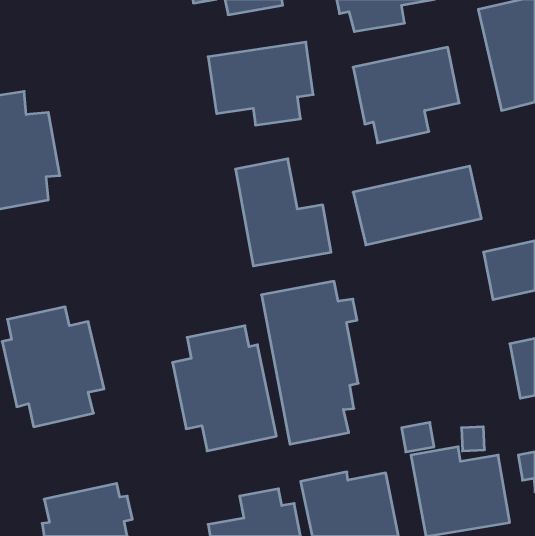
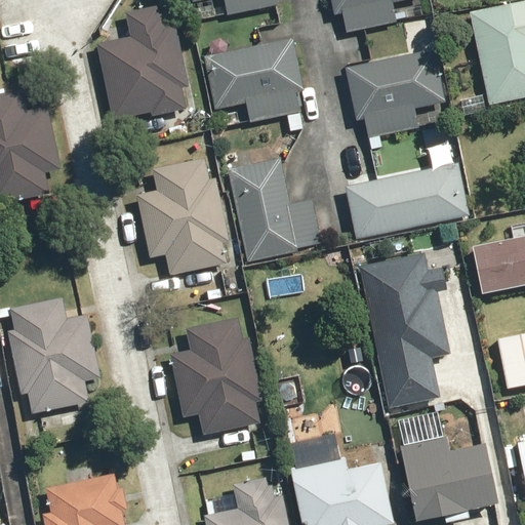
building: none -> [96,9,194,122]
building: none -> [136,161,228,275]
building: [261,281,358,444] -> [355,252,449,411]

